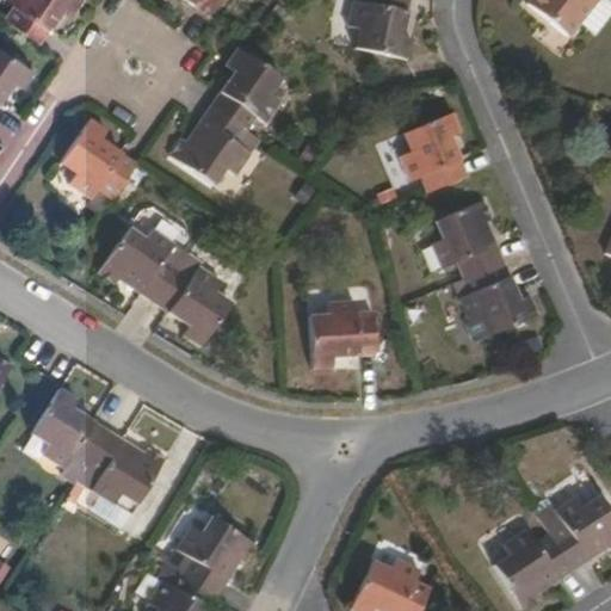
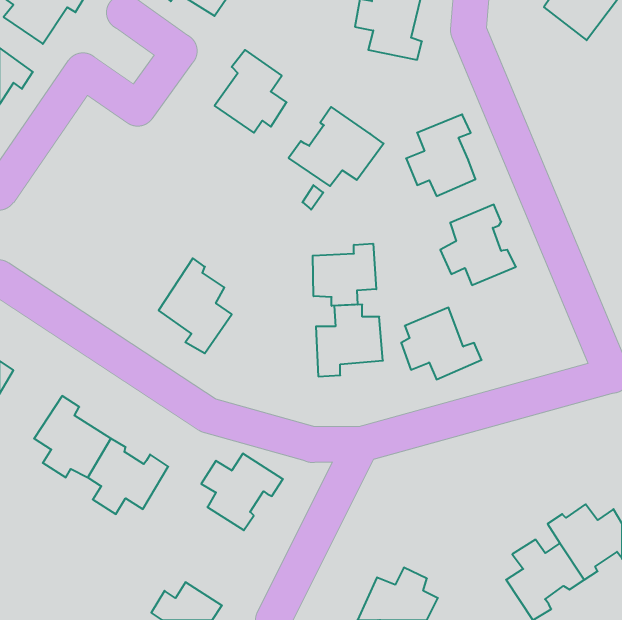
building: [168,104,261,181] -> [289,107,384,186]
building: [64,118,137,199] -> none
building: [99,228,189,304] -> none
building: none -> [313,244,376,306]
building: [458,261,537,332] -> [401,308,482,379]
building: [175,518,255,593] -> [201,454,283,530]

